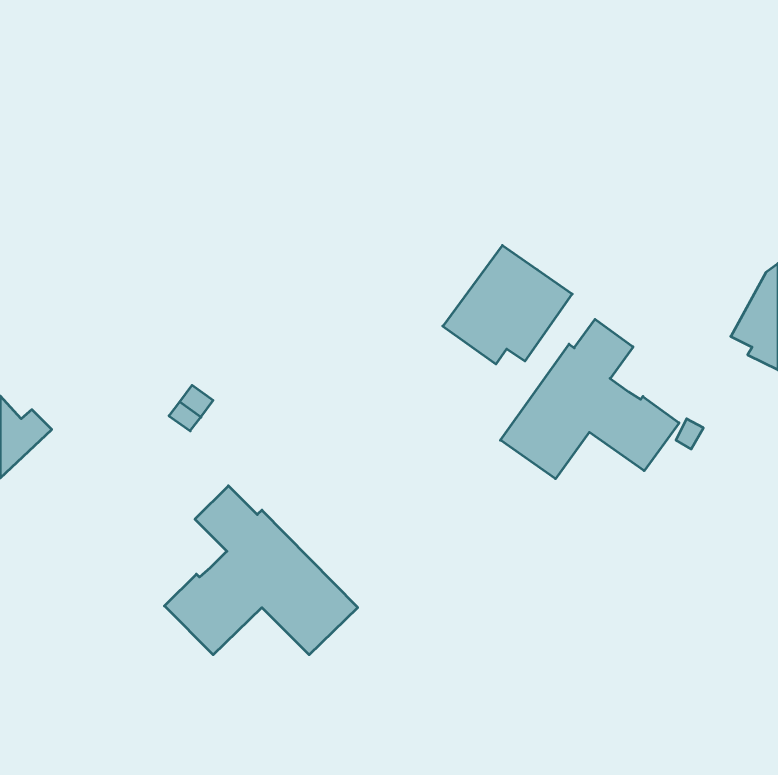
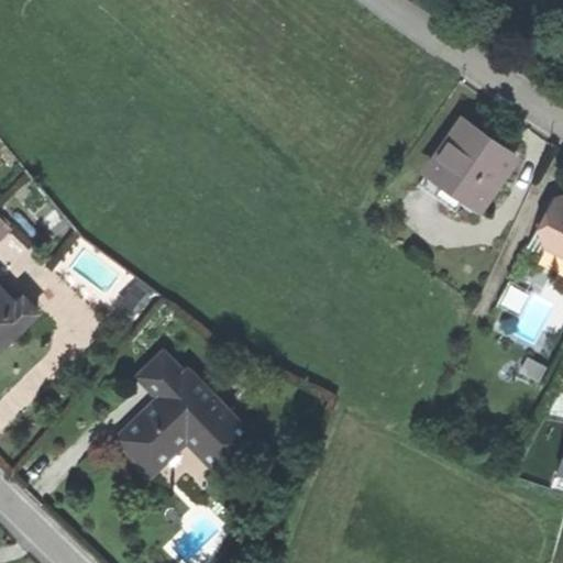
building: [443,245,572,364] -> [422,120,516,206]
building: [500,319,679,479] -> none

